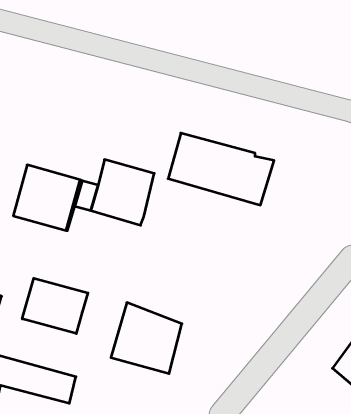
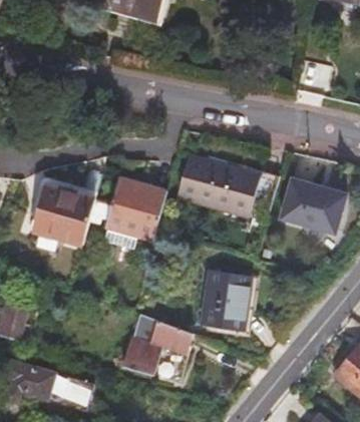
building: none -> [281,184,348,241]
building: none -> [203,270,250,329]
building: [22,278,88,334] -> none

